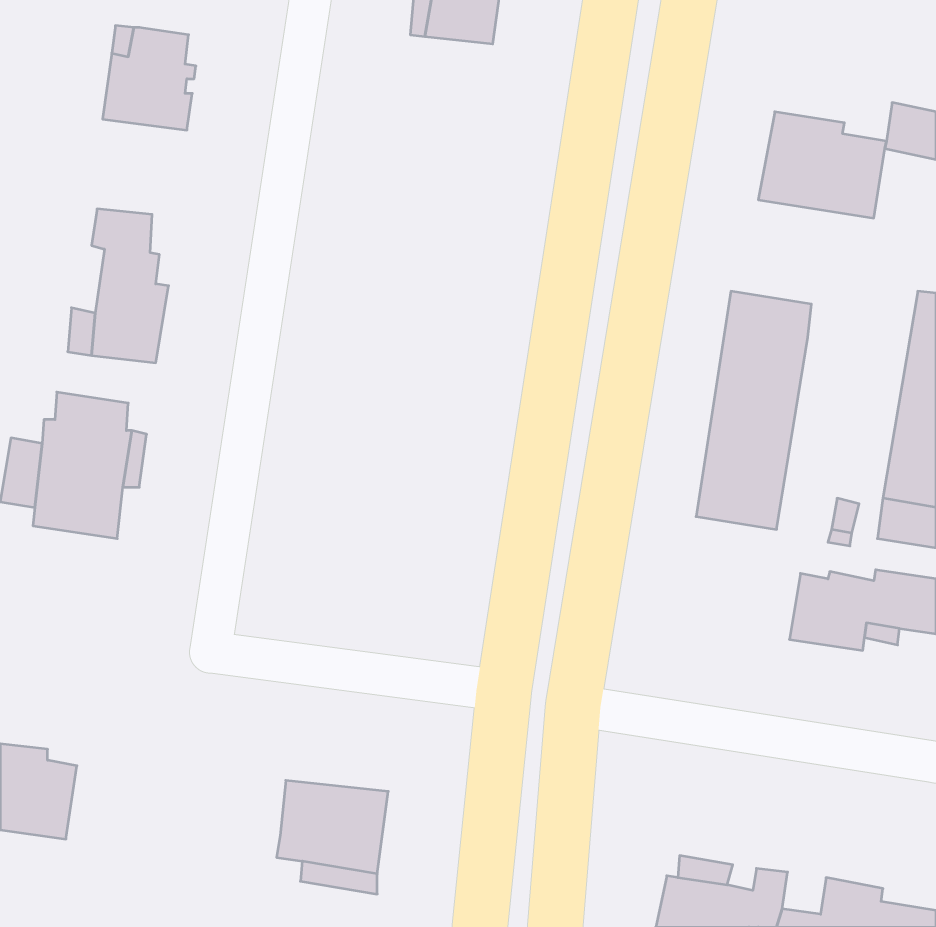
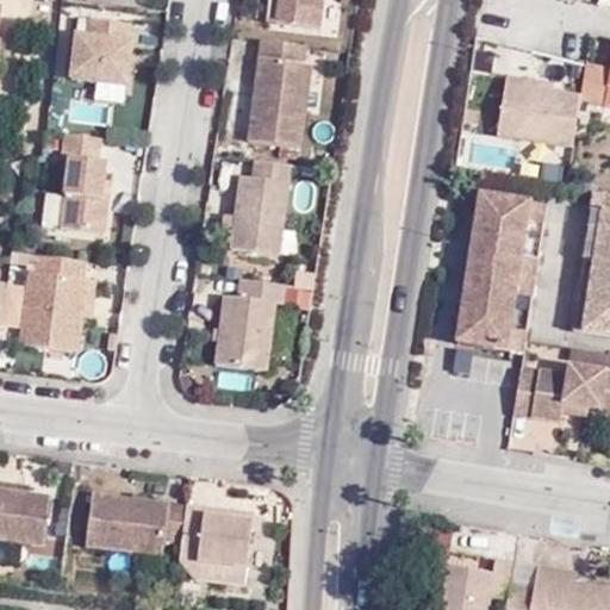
building: none -> [250,41,313,147]
building: none -> [234,161,294,253]
building: none -> [213,281,281,371]
building: none -> [86,496,186,555]

